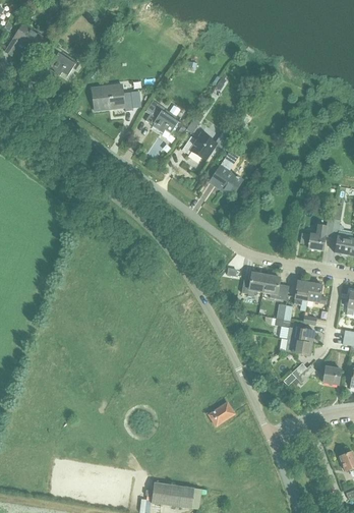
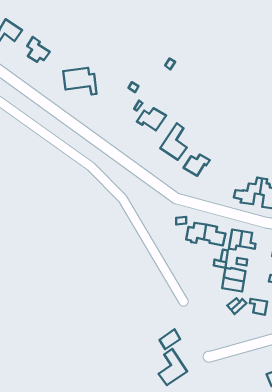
building: [146,104,179,133] -> none
building: none -> [184,154,210,176]
building: none -> [158,349,187,385]

